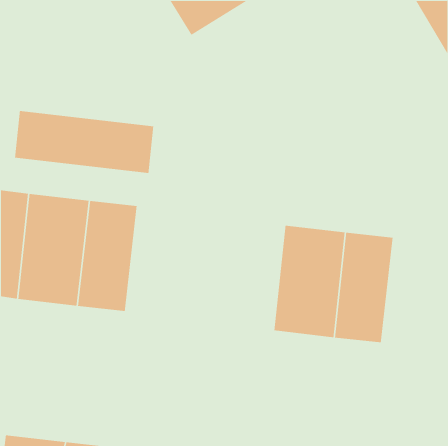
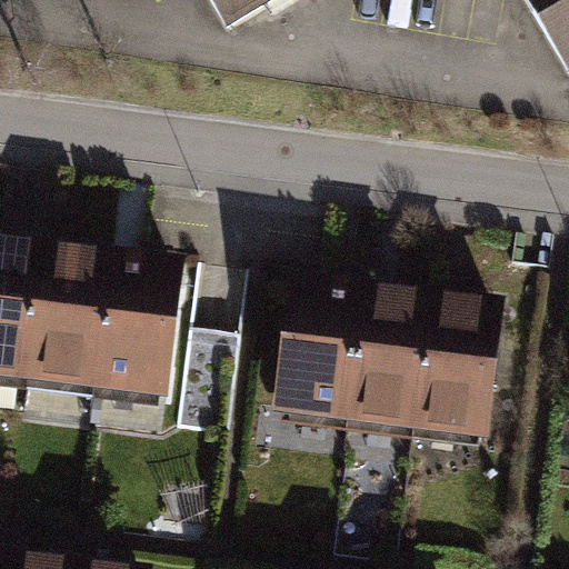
building: [14,110,154,174] -> none
building: none -> [280,281,361,422]

